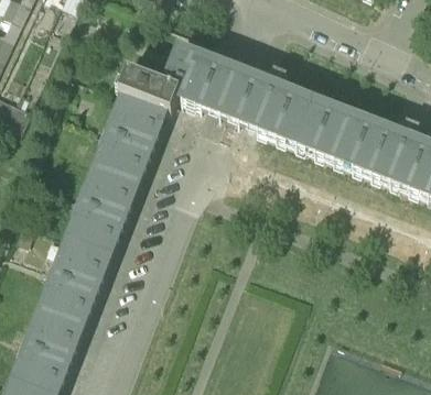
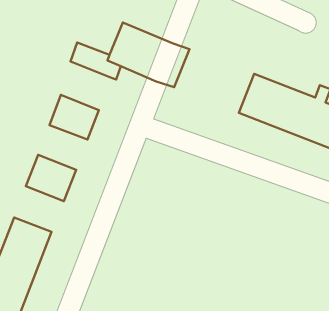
building: [240,64,333,147] -> none
building: [109,89,168,144] -> none
building: [83,162,140,213] -> none
building: [55,232,112,285] -> none

